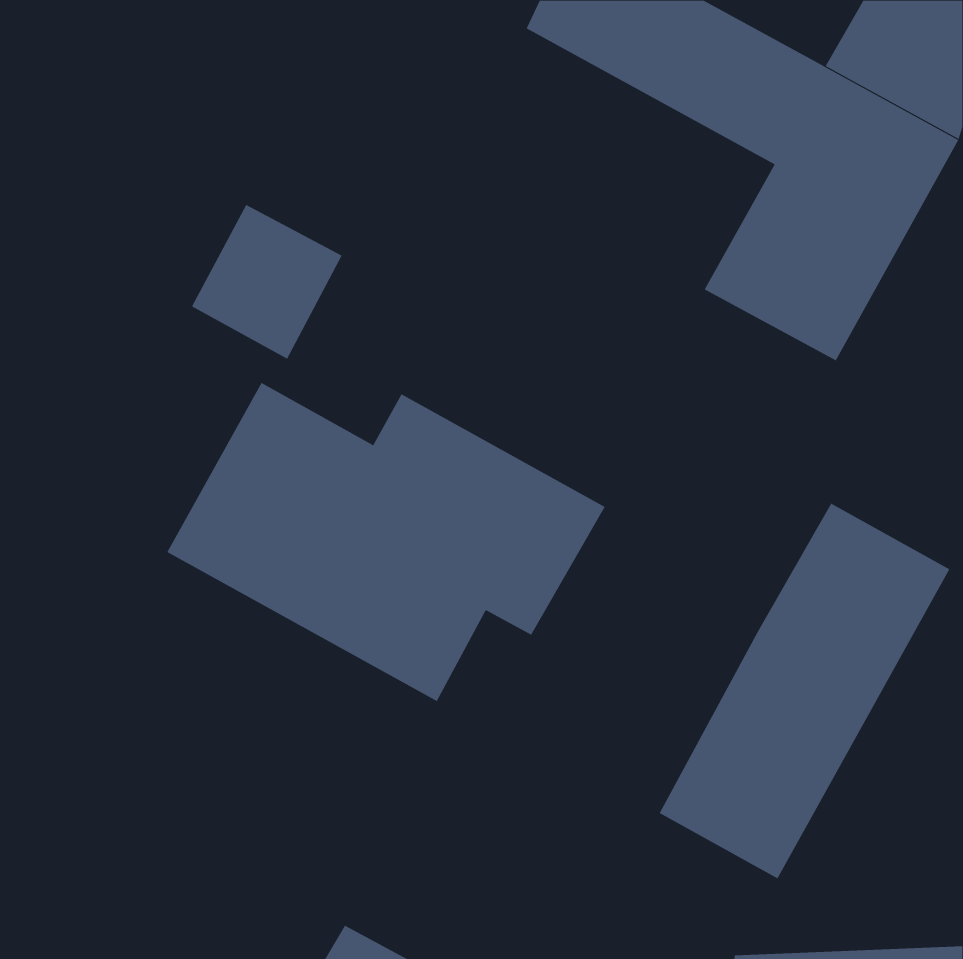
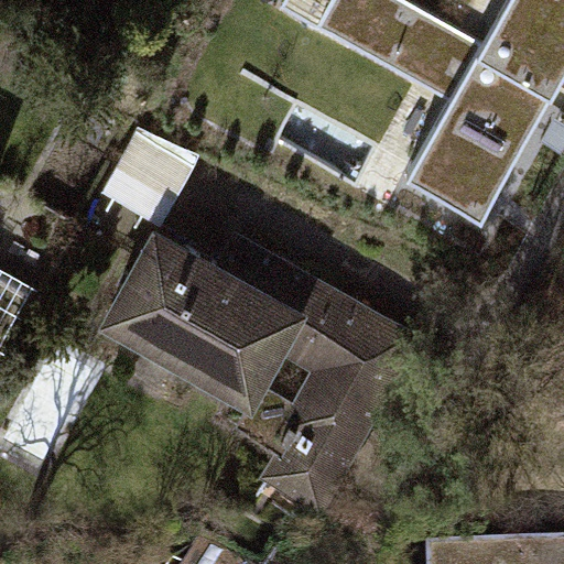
building: [659,503,950,879] -> [252,300,422,519]

